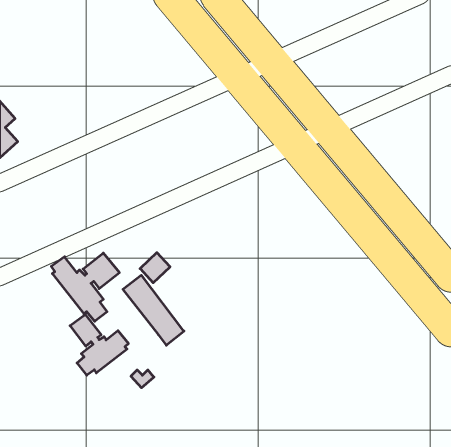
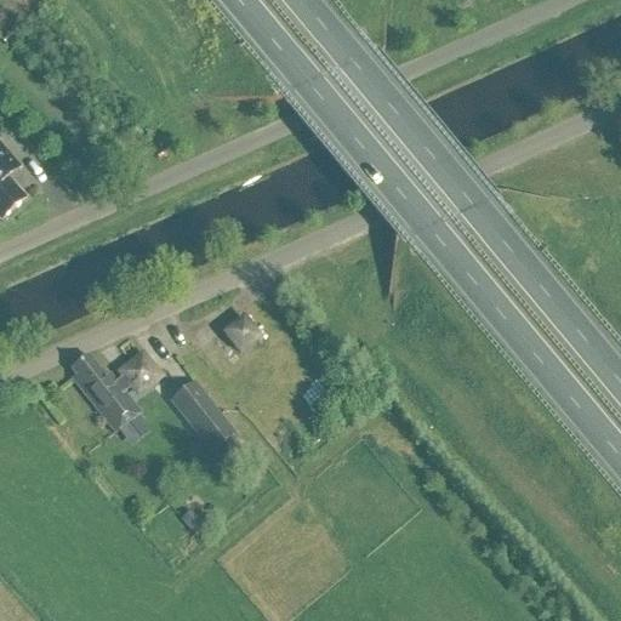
building: [140,253,170,283] -> [216,309,257,351]
building: [70,314,128,375] -> none

